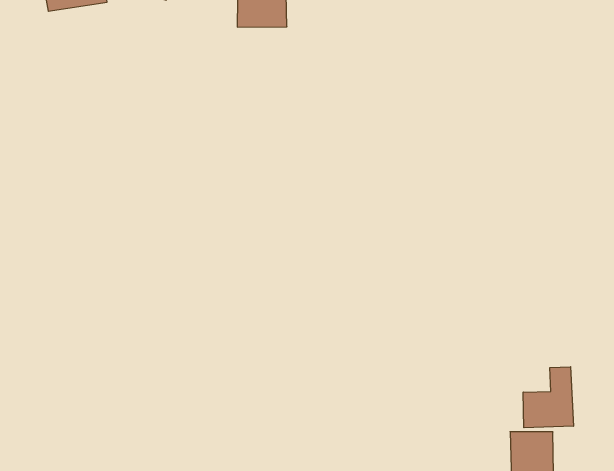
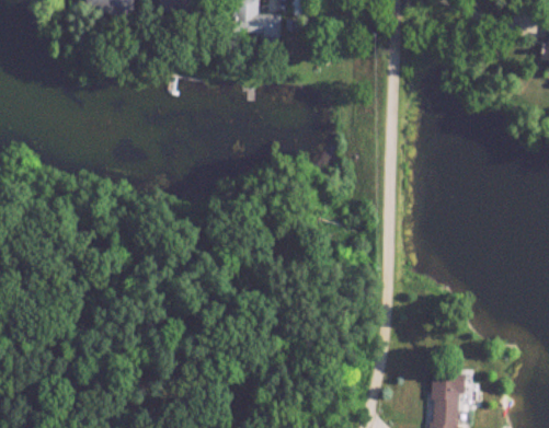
building: [523,367,573,428] -> none

